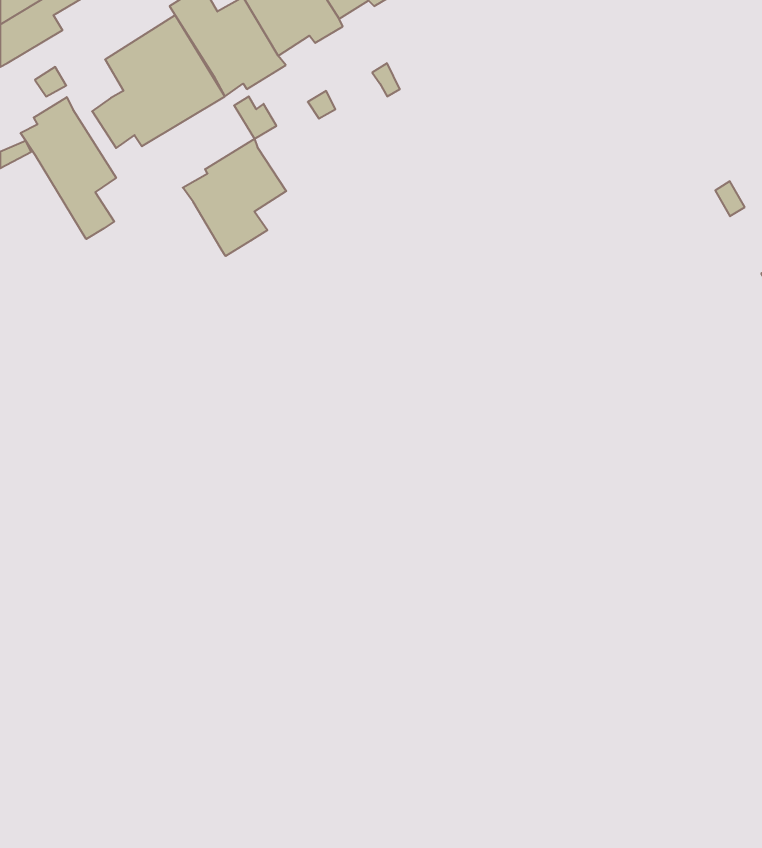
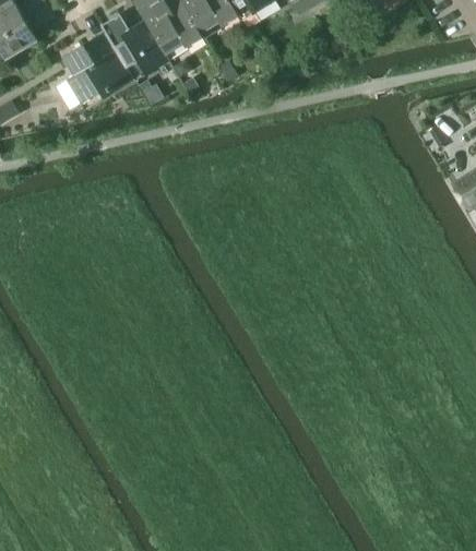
building: [21,97,116,239] -> none
building: [183,139,286,256] -> none

